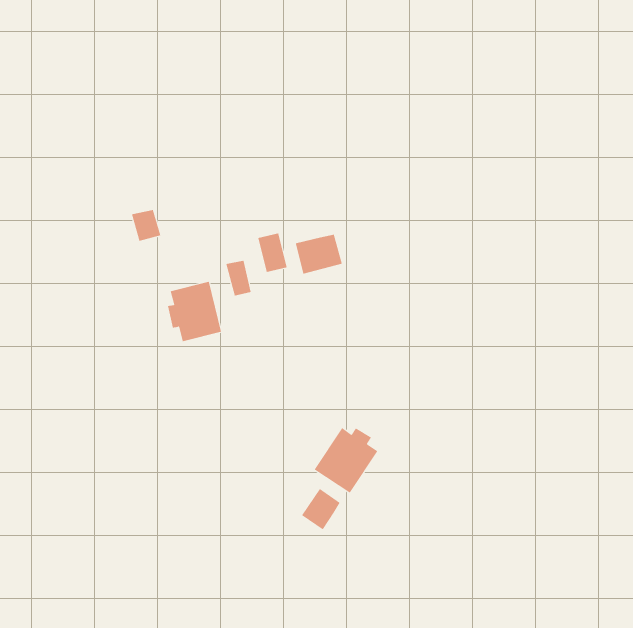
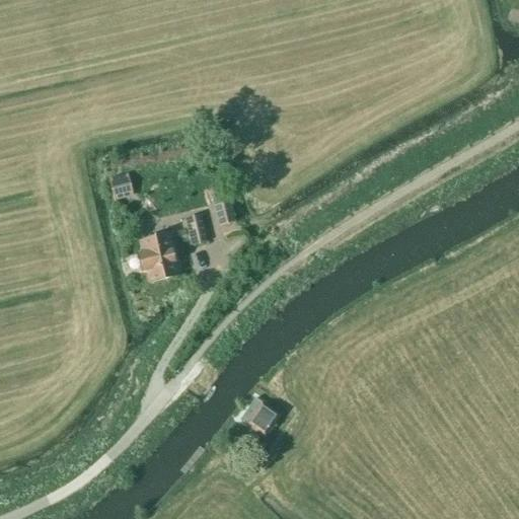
building: [295,234,343,274] -> none
building: [314,427,378,493] -> none

